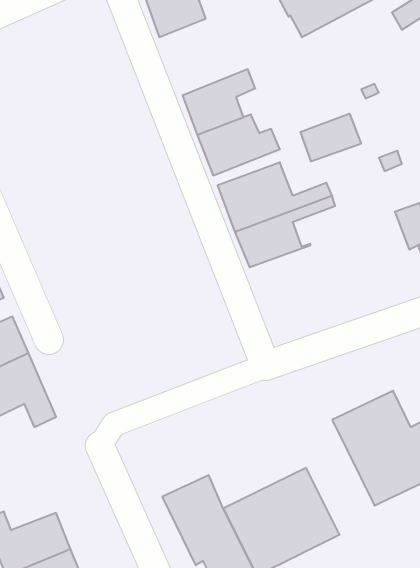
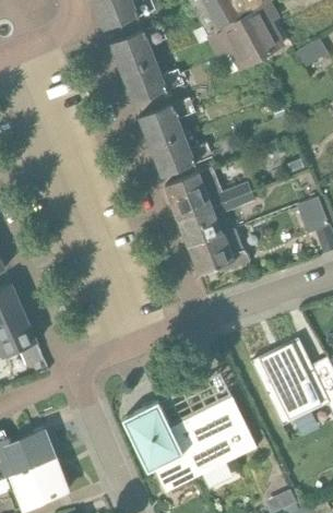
building: none -> [121,58,182,104]
building: [300,114,361,161] -> none
building: none -> [189,230,249,275]

